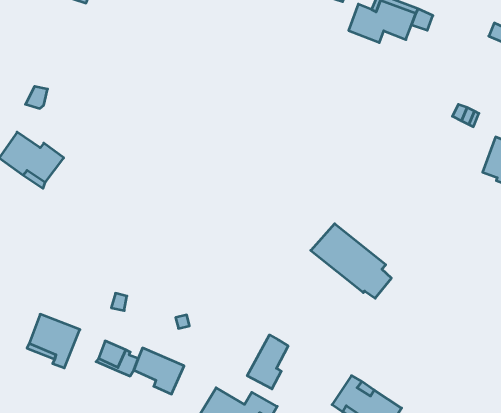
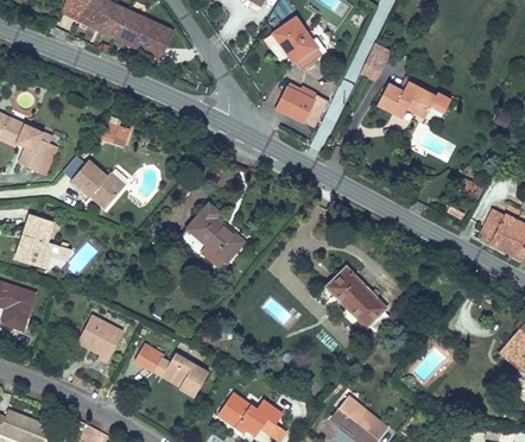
building: none -> [276,87,328,127]
building: none -> [178,203,243,271]
building: [247,335,288,389] -> none

